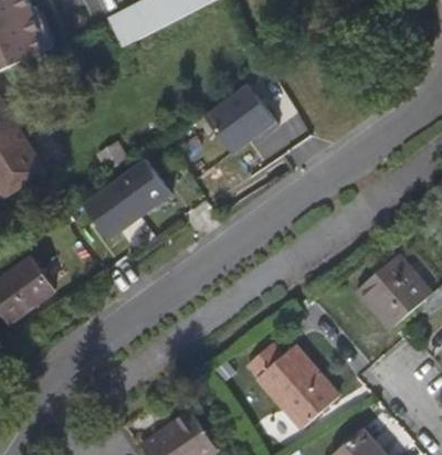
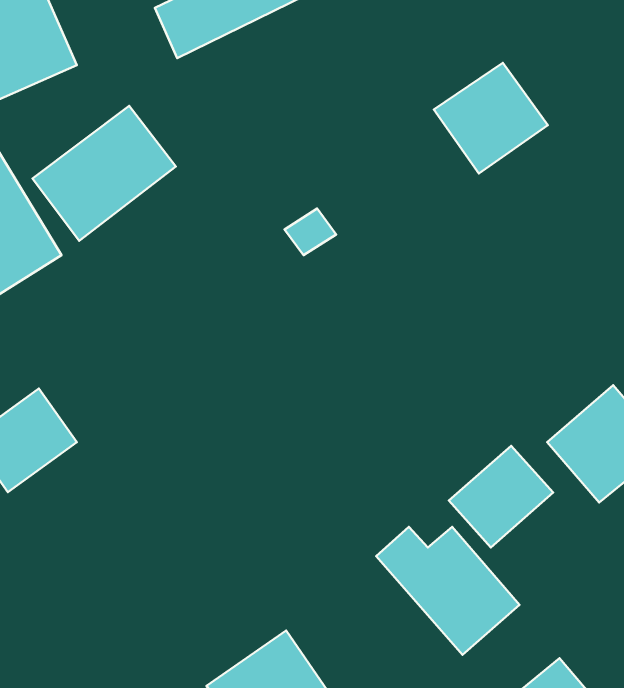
building: [203,85,276,156] -> [434,63,548,174]
building: [81,157,172,243] -> [32,106,176,241]
building: none -> [449,446,553,547]

